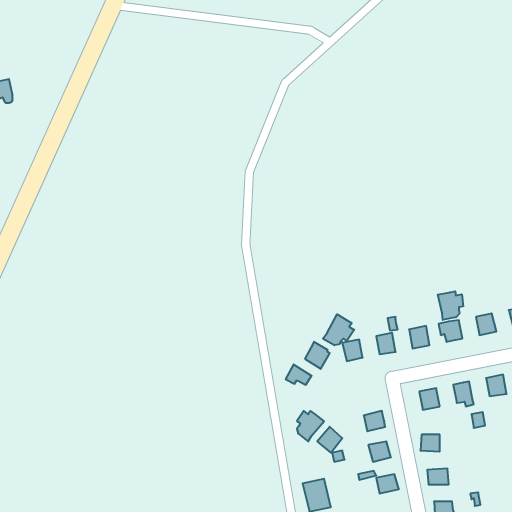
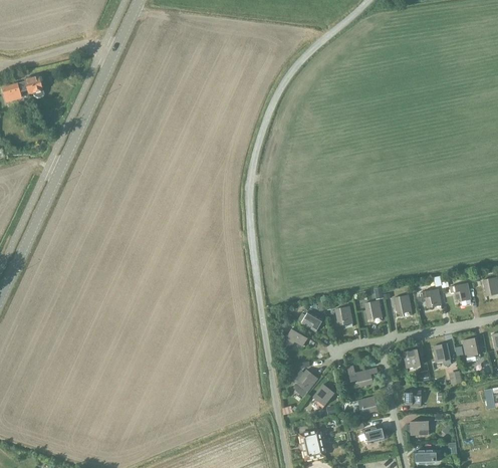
building: [438,291,463,320] -> none
building: [323,314,354,345] -> none

